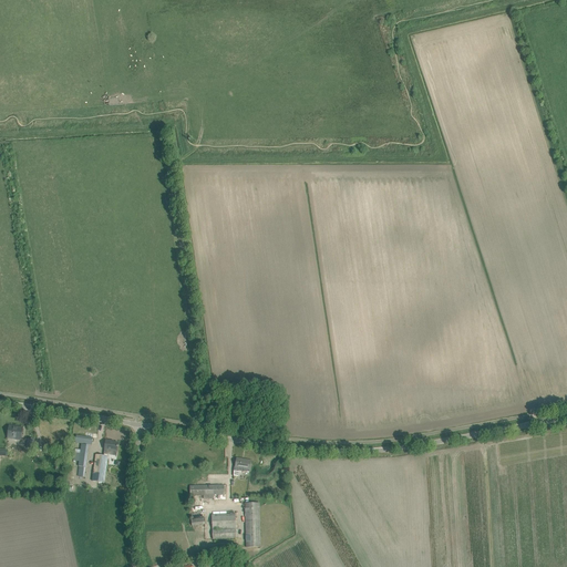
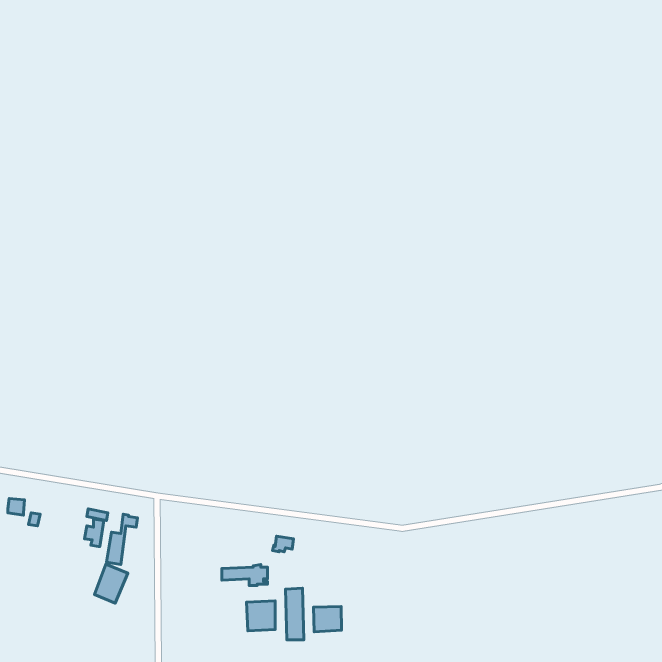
building: none -> [94,564,128,603]
building: none -> [313,606,342,632]

